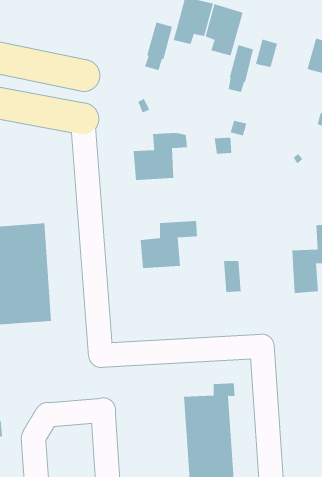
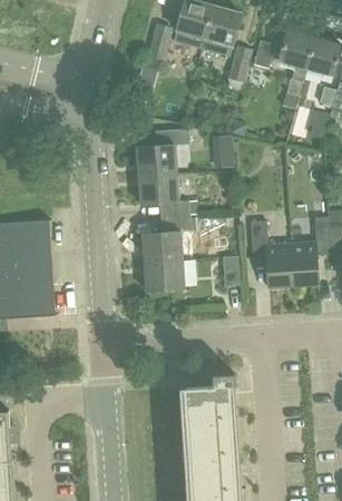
building: none -> [277,31,313,95]
building: none -> [137,175,198,218]
building: none -> [250,223,292,288]
building: none -> [144,261,184,293]

